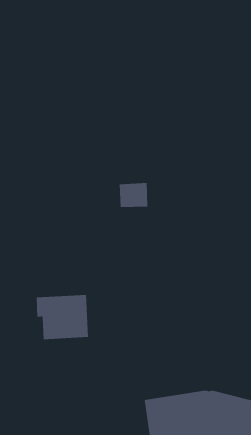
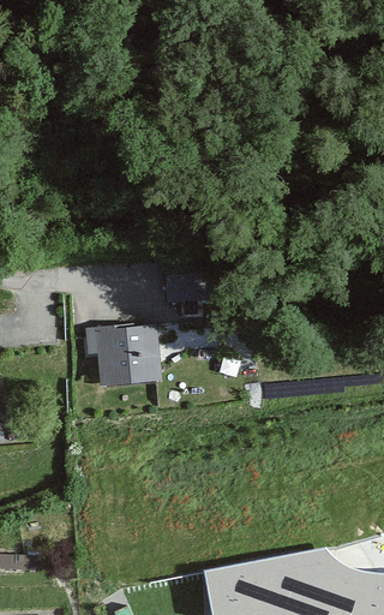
building: [36,294,89,340] -> [85,332,158,394]

